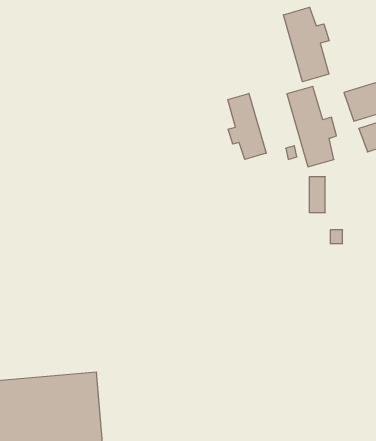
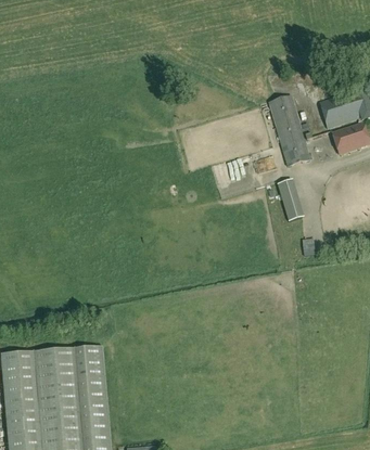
building: [283,7,329,82] -> none
building: [228,93,266,159] -> none

